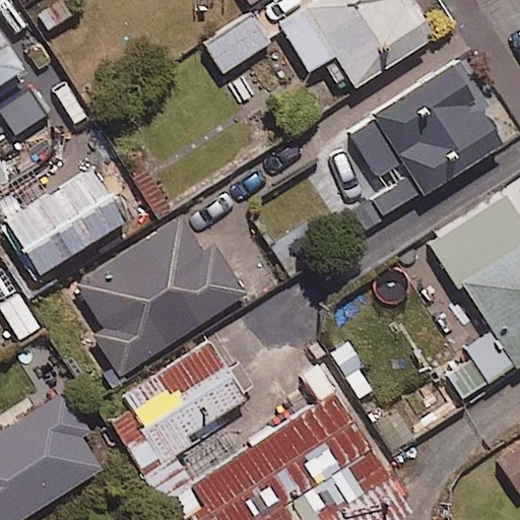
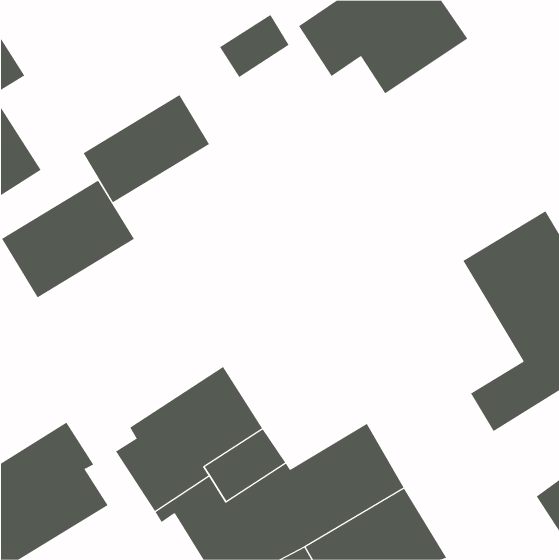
building: [345,59,505,232] -> none
building: none -> [83,94,210,203]
building: [77,218,246,375] -> none

